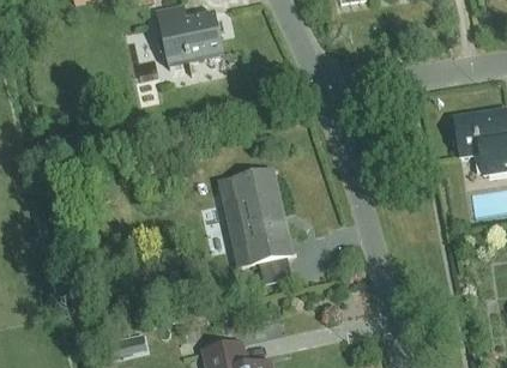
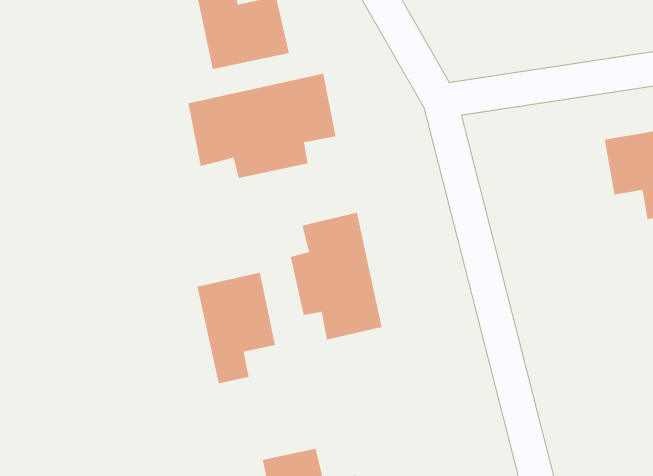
building: none -> [188,73,337,179]
building: none -> [196,272,276,384]

